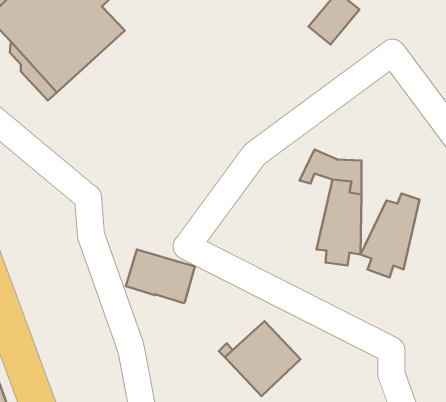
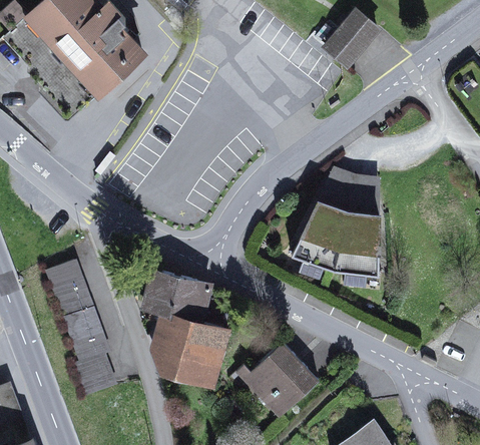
building: [360,193,419,277] -> [292,192,351,277]
building: none -> [46,260,114,394]
building: none -> [163,314,228,382]

